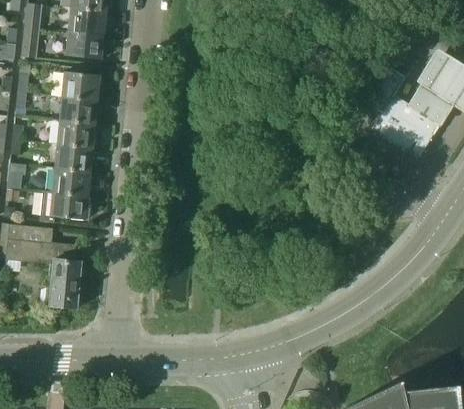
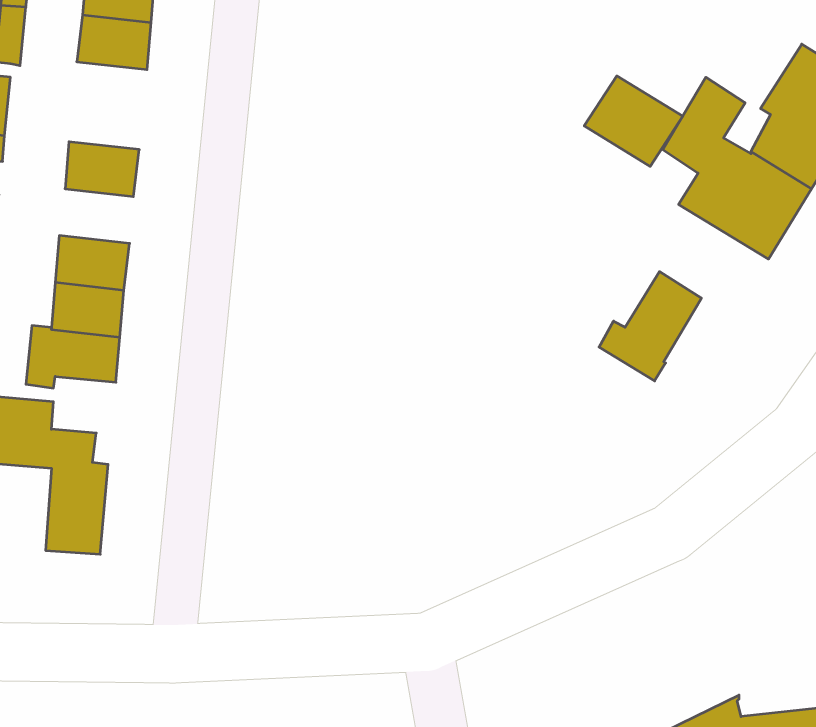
building: none -> [584,76,683,166]
building: [60,72,98,101] -> none
building: [55,121,93,149] -> none
building: none -> [599,272,701,381]

